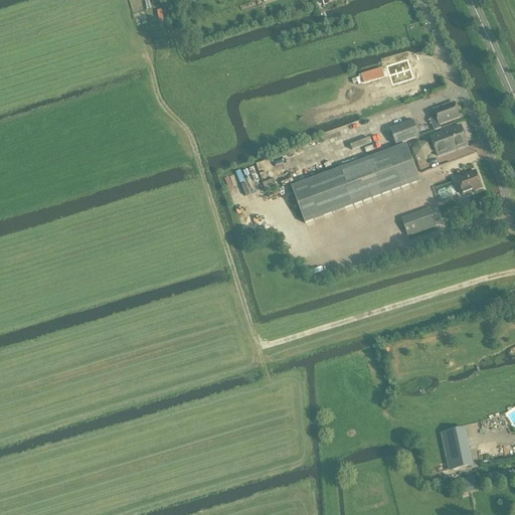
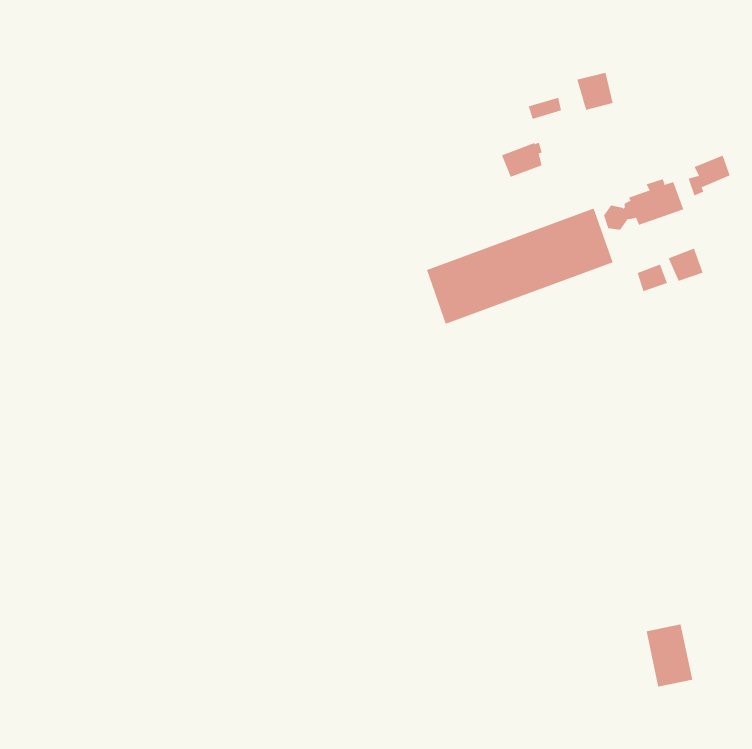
building: [428,101,458,129] -> [688,155,731,196]
building: [389,119,417,143] -> [501,142,542,177]
building: [400,206,436,234] -> none

